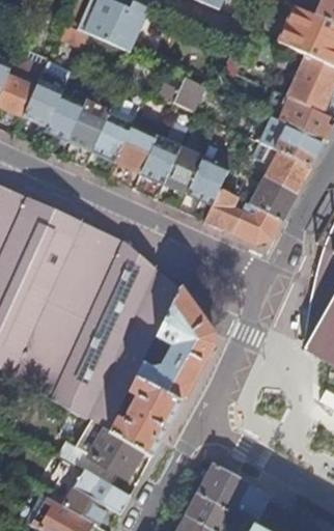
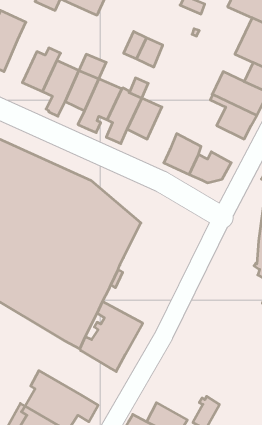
building: [24,69,69,127] -> none
building: [187,157,229,204] -> none
building: [251,177,297,220] -> none
building: [136,288,212,402] -> none
building: [59,422,144,484] -> none
building: [197,462,249,512] -> none

